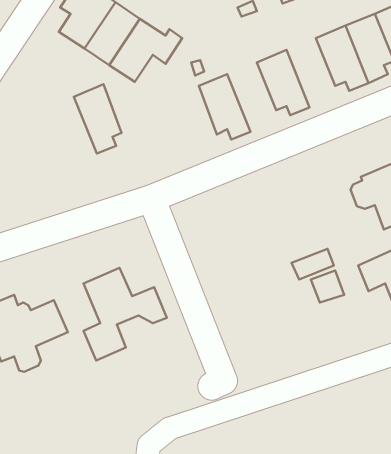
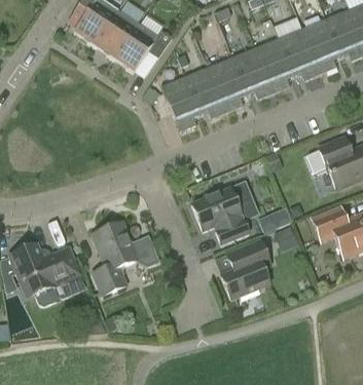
building: none -> [255,37,294,92]
building: none -> [208,56,247,112]
building: [74,84,121,153] -> [161,75,199,130]
building: none -> [191,181,255,243]
building: none -> [221,238,274,299]

